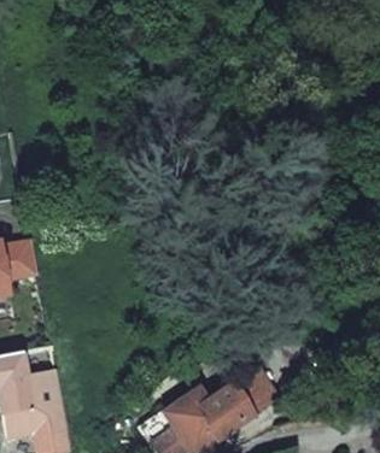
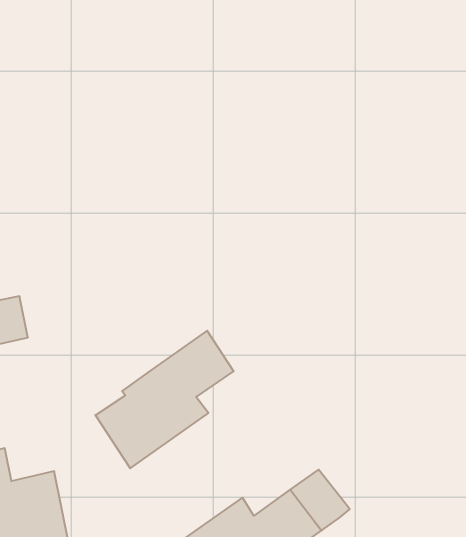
building: none -> [95,331,234,468]

